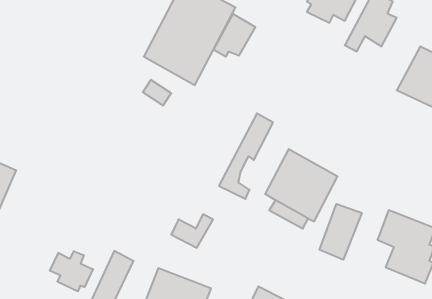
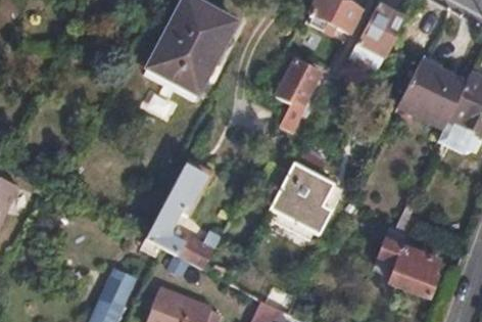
building: [214,14,255,57] -> [277,62,319,105]
building: [219,113,273,199] -> [147,165,201,250]
building: [320,204,362,260] -> none
building: [50,251,93,291] -> none

